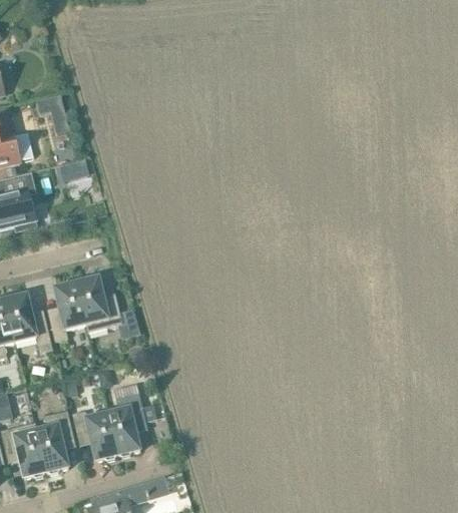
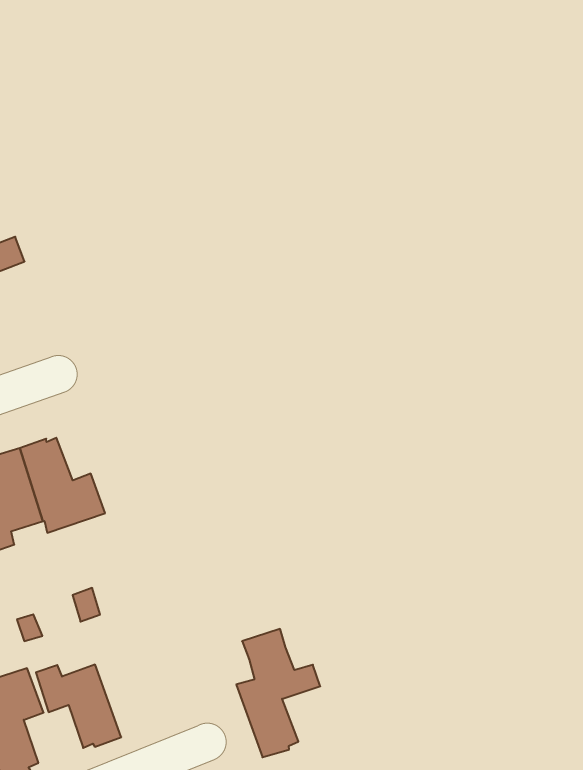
building: [107,382,156,456] -> [236,629,320,757]

